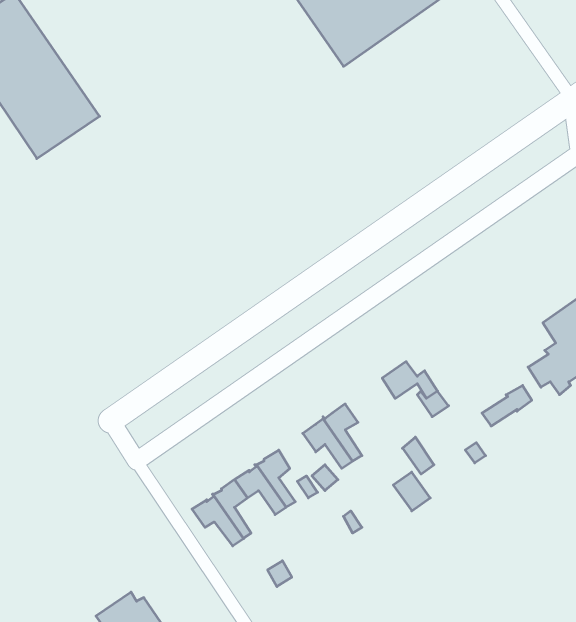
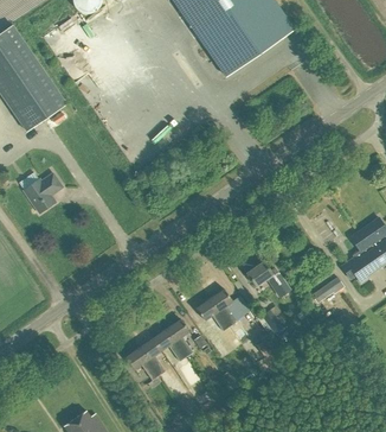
building: none -> [22,173,63,214]

